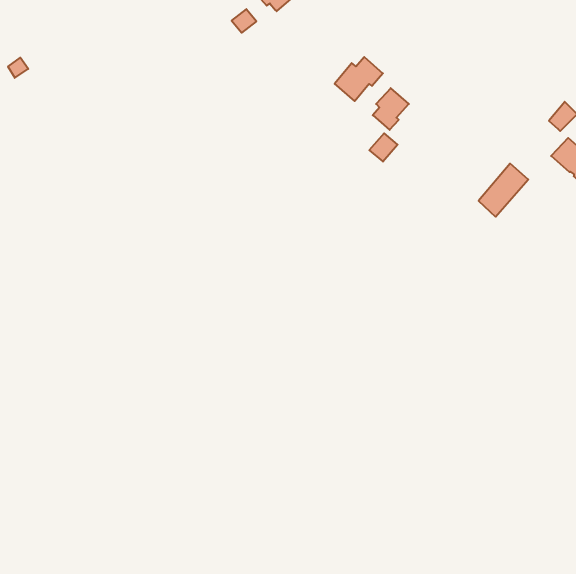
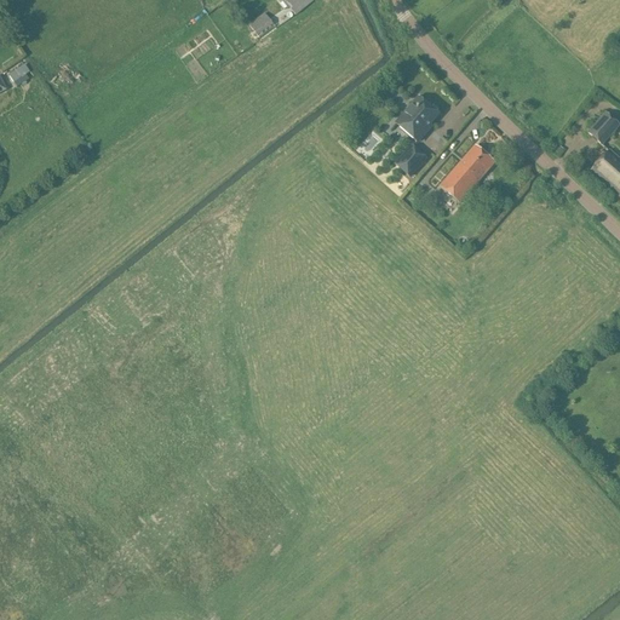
building: [335,57,383,101] -> none
building: [479,164,528,217] -> [442,143,495,200]

